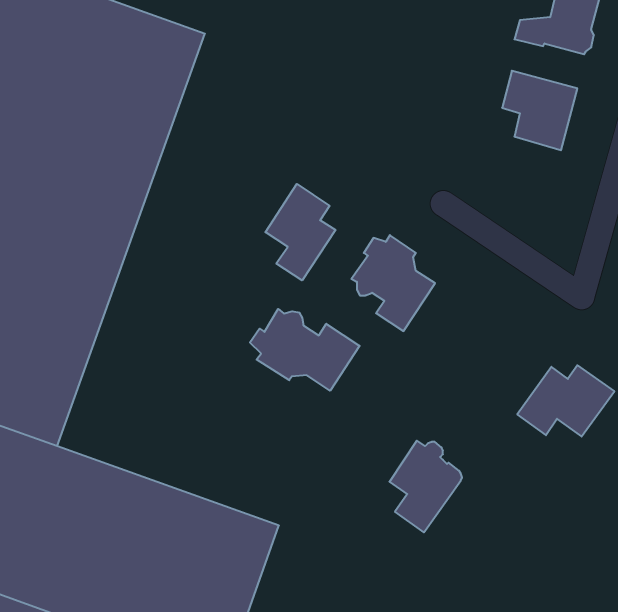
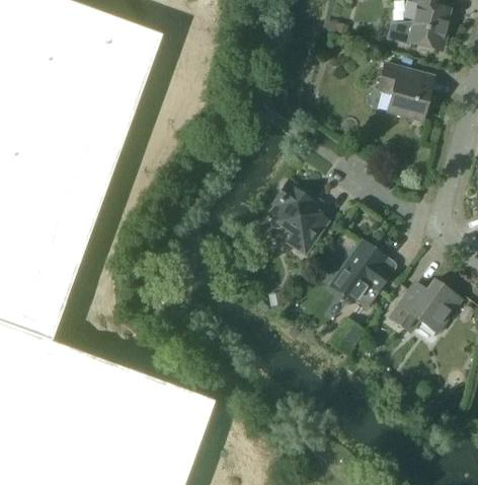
building: [265,184,335,280] -> none
building: [250,309,360,391] -> none
building: [389,441,462,532] -> [341,240,395,308]

